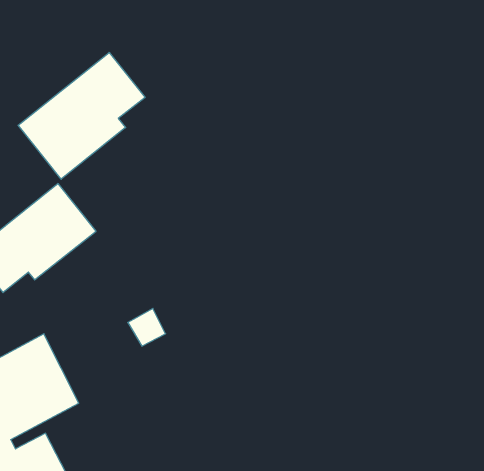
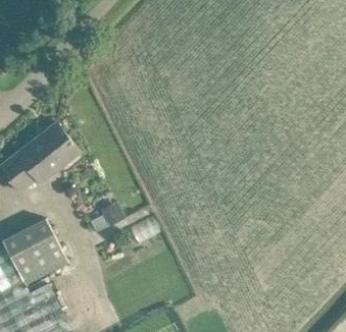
building: [18,52,145,179] -> none

